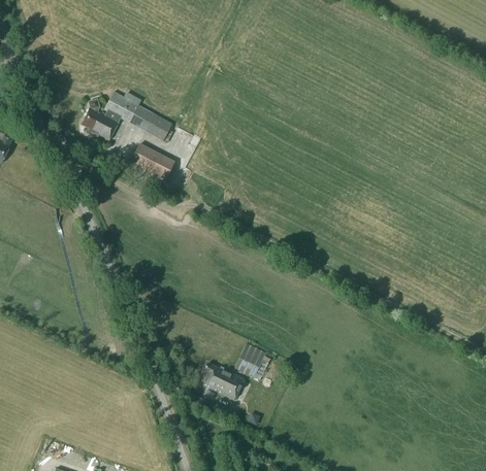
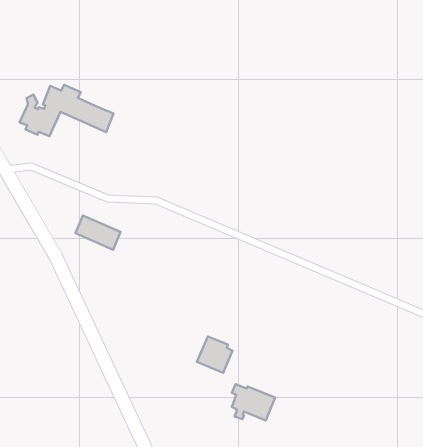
building: [130,144,173,179] -> [76,215,121,250]
building: [202,363,245,400] -> [232,384,275,421]

